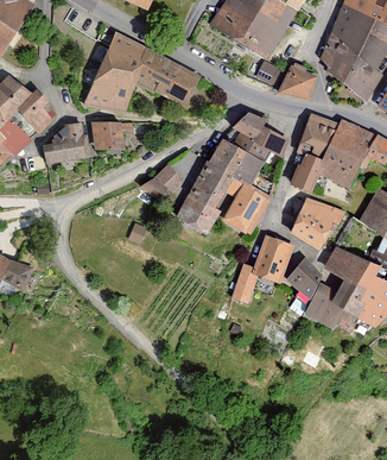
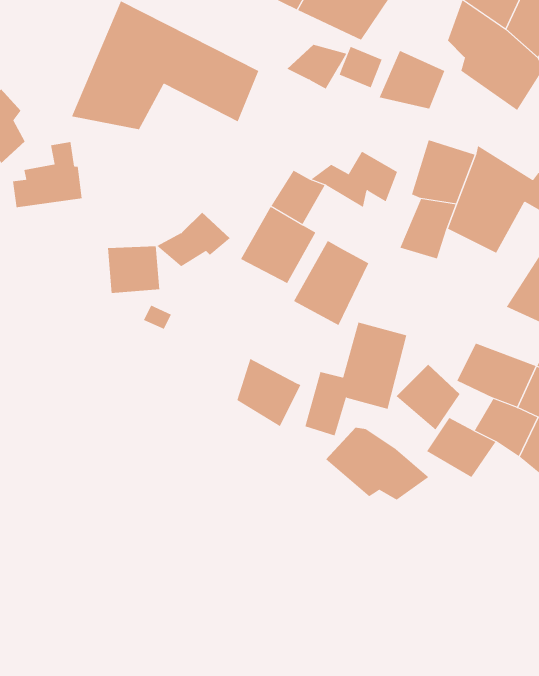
building: [233,111,271,139] -> [286,44,347,90]
building: [96,119,129,149] -> [107,246,160,293]
building: [229,146,267,185] -> none
building: [182,193,222,235] -> [237,358,301,427]
building: [290,196,347,252] -> none
building: none -> [325,427,429,501]

